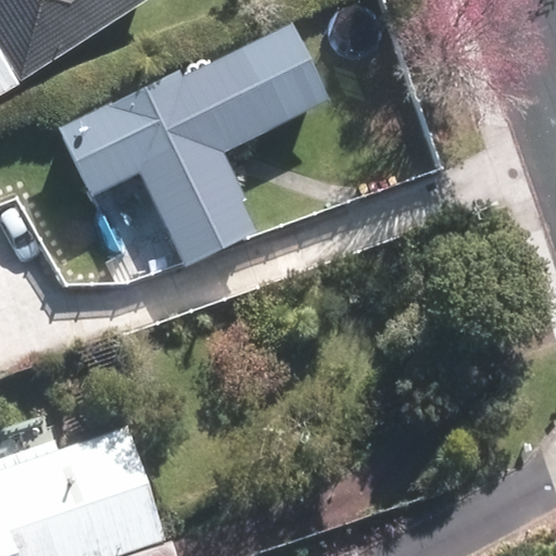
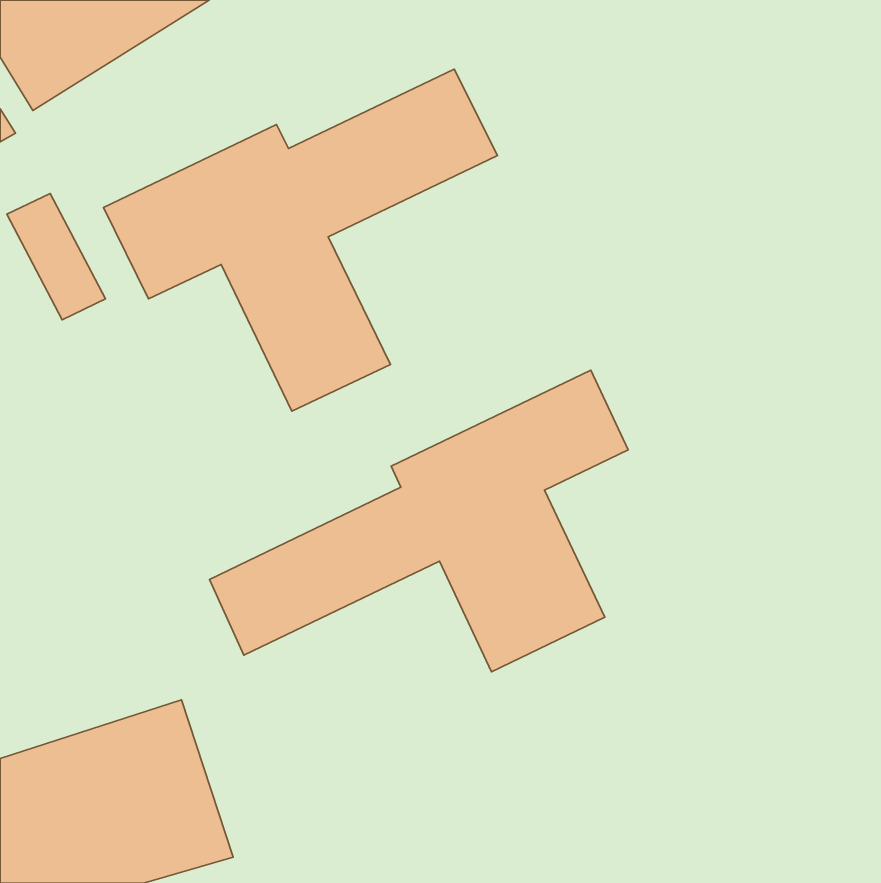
building: none -> [209,370,628,672]

